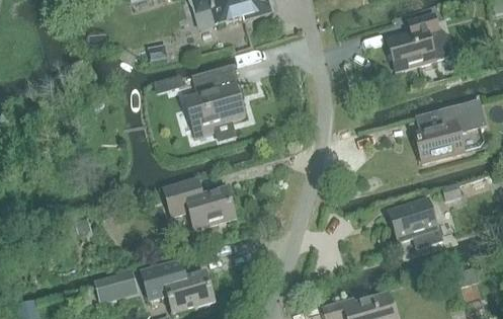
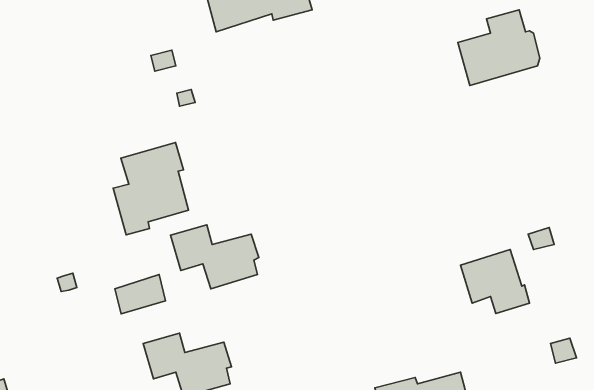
building: [185,62,244,134] -> [113,142,189,235]
building: [414,97,488,162] -> none
building: [95,271,135,302] -> [115,275,166,314]

